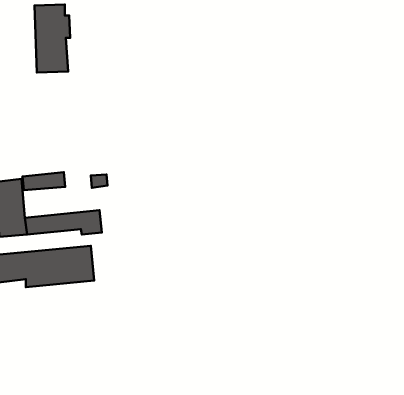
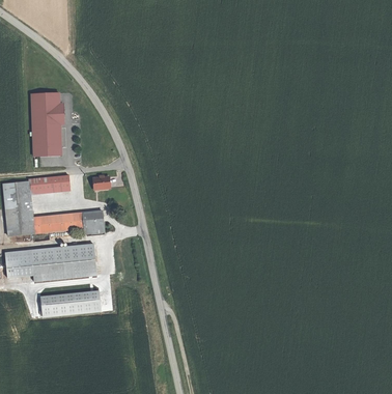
building: [35,4,70,73] -> [31,93,64,157]
building: none -> [39,291,99,318]

